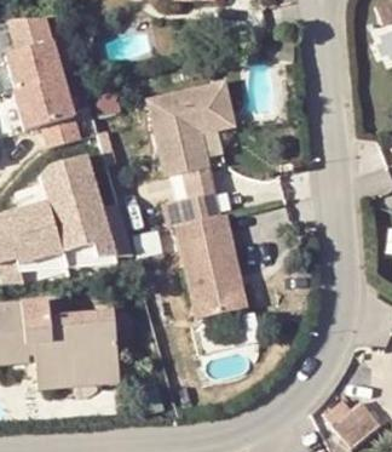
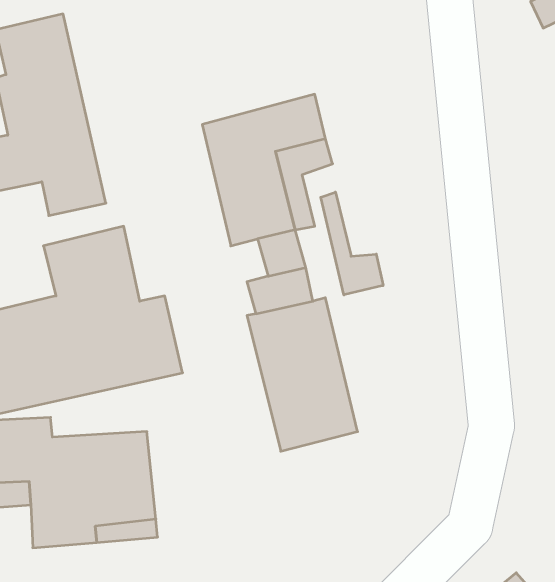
building: none -> [321,192,383,295]

